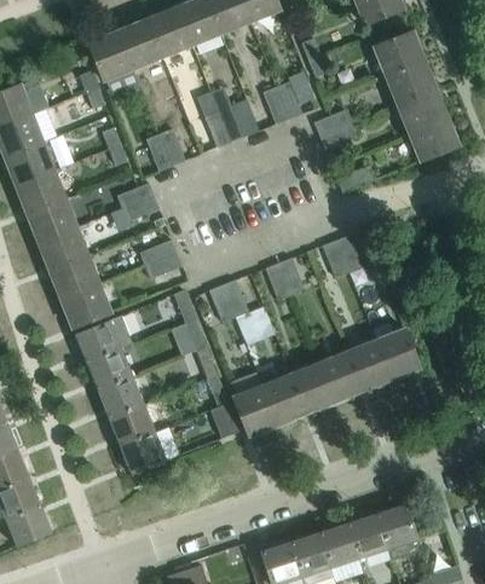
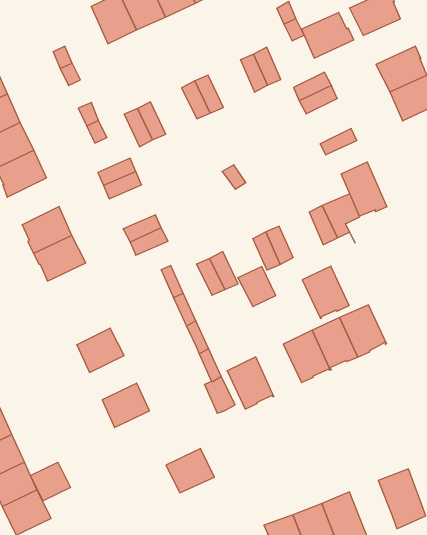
building: [88,31,134,81] -> none
building: [386,60,437,104] -> [302,12,354,58]
building: [27,197,77,242] -> none
building: none -> [341,162,387,216]
building: [62,283,111,328] -> none
building: [75,314,133,363] -> none
building: [376,328,421,378] -> [302,266,349,318]
building: [262,374,306,424] -> none
building: [98,376,144,418] -> none
building: [120,432,167,474] -> [166,449,214,493]
building: none -> [30,462,70,501]
building: [347,513,388,559] -> none

